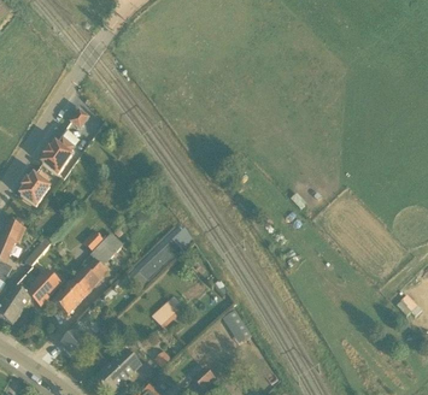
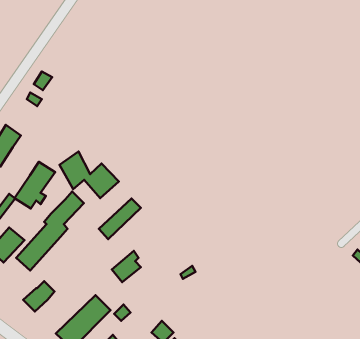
building: [42,136,75,173] -> none
building: none -> [59,152,119,198]
building: none -> [15,162,55,208]

